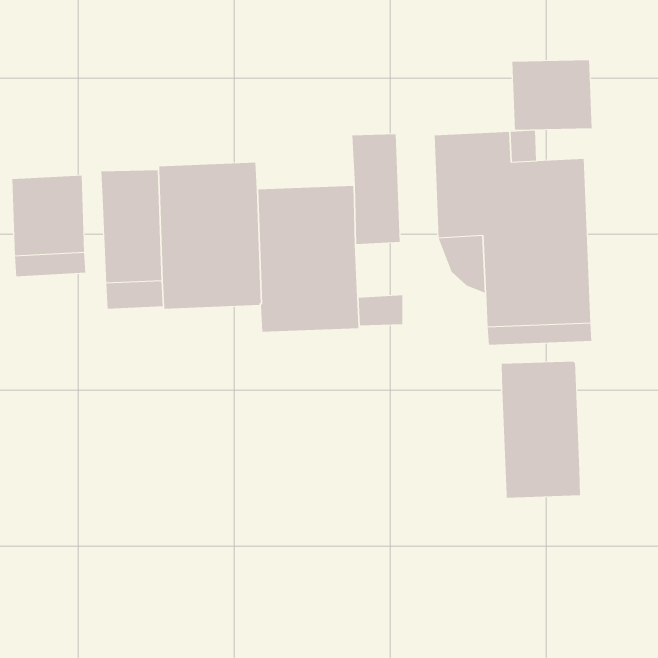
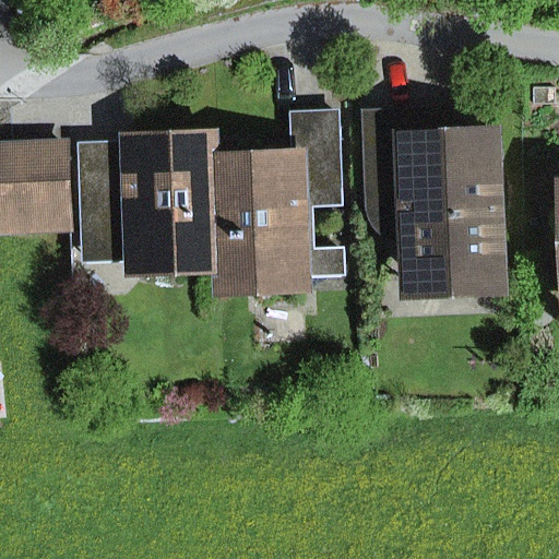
building: [512,60,592,131] -> none
building: [501,361,581,498] -> none

